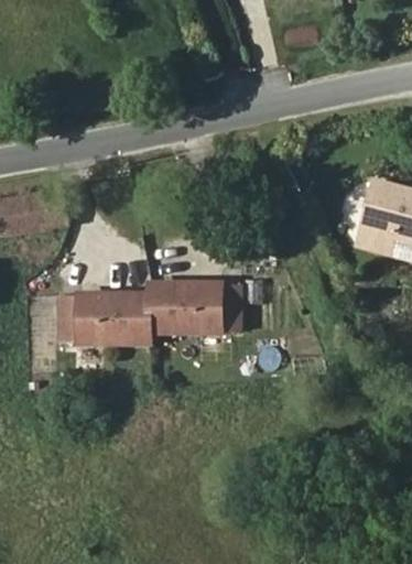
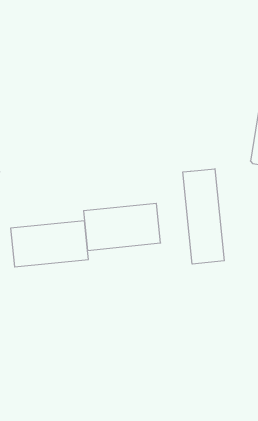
building: none -> [183,169,224,264]

